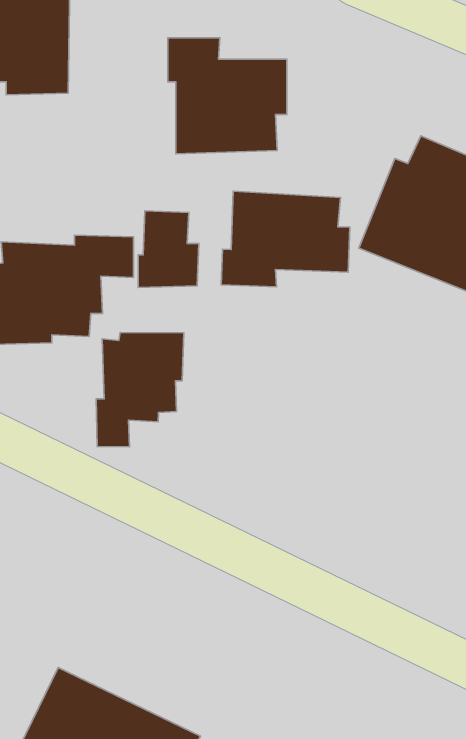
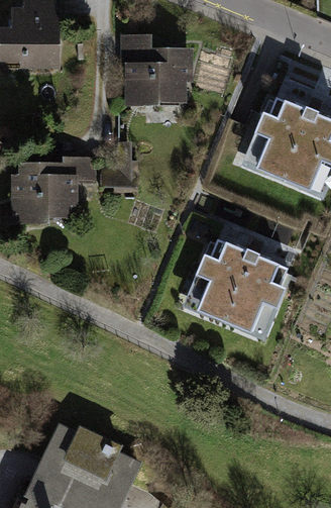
building: [221,191,350,287] -> none
building: [96,332,184,447] -> none
building: none -> [183,238,290,339]

